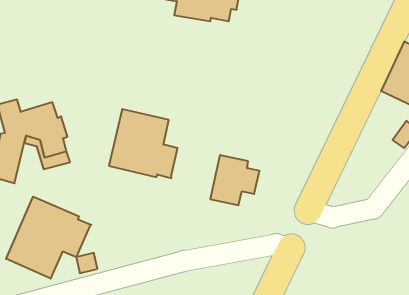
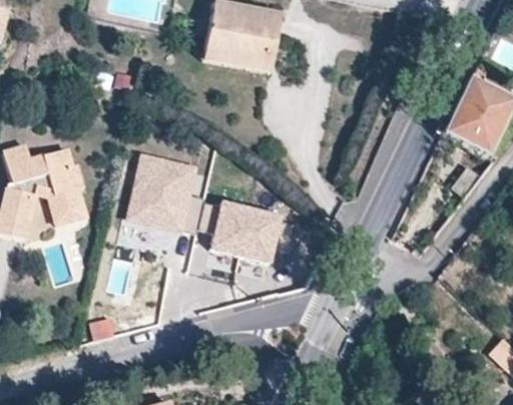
building: none -> [203,40,277,70]
building: none -> [202,199,258,257]
building: [6,197,91,279] -> none

